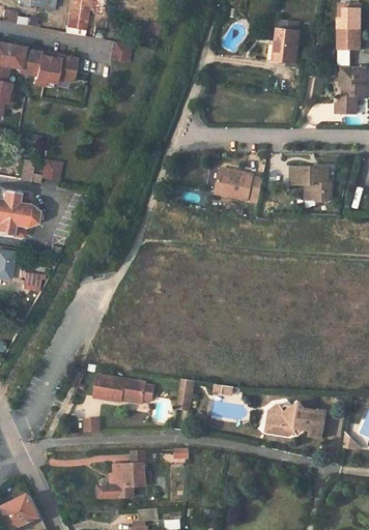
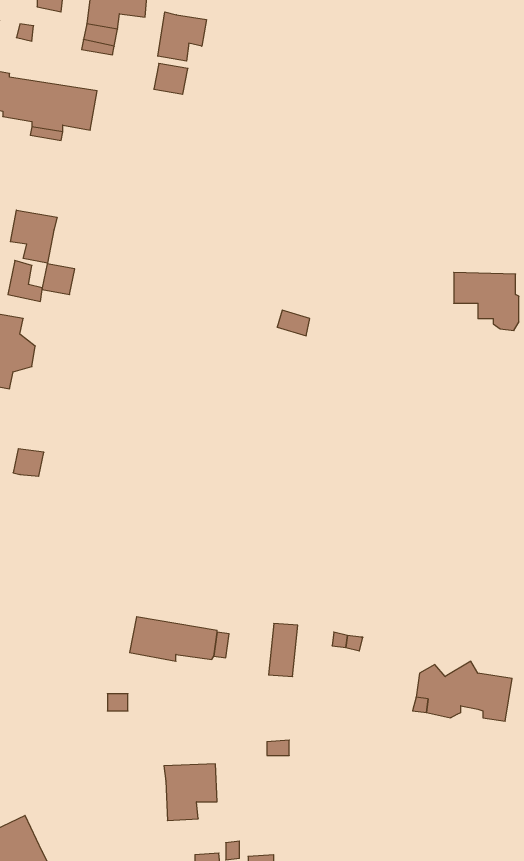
building: none -> [158,12,206,61]
building: [275,20,301,63] -> none
building: none -> [10,210,57,263]
building: [211,168,259,201] -> none

